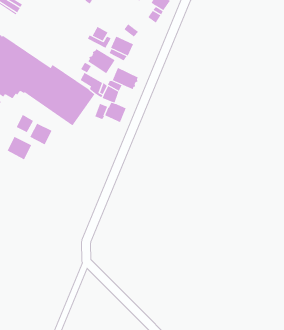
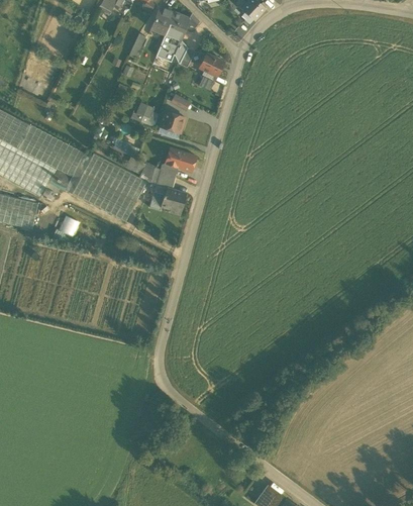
building: [88,48,116,74] -> none
building: [30,123,52,145] -> none
building: [7,136,32,160] -> none

